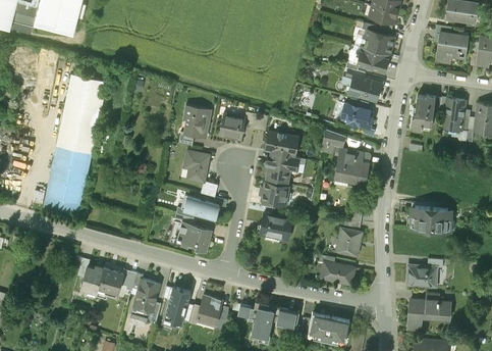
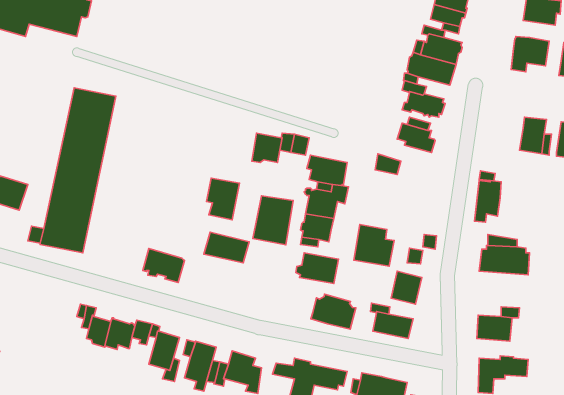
building: [413,97,435,132] -> [474,181,501,222]
building: [177,107,211,148] -> [253,196,293,245]
building: [335,150,369,185] -> [354,225,394,266]
building: [177,221,212,250] -> [143,248,184,283]
building: none -> [311,294,356,329]

